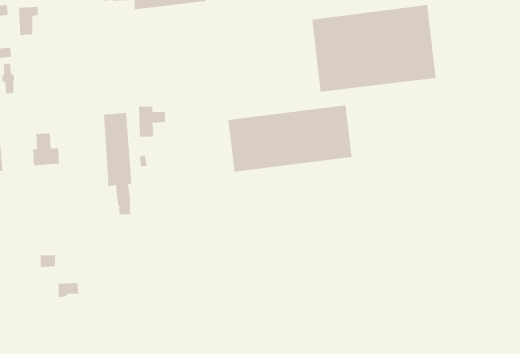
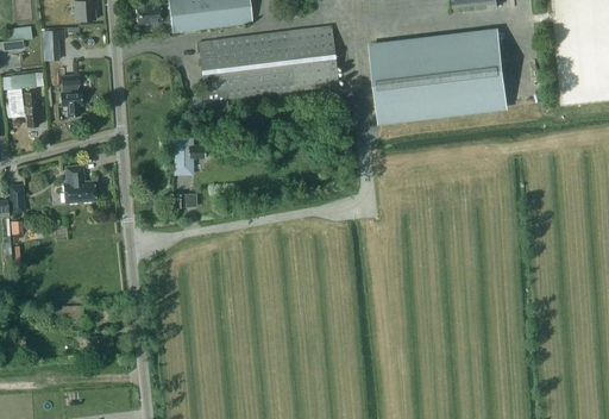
building: none -> [61,76,81,117]
building: [227,105,353,172] -> [199,27,338,102]
building: [103,112,132,215] -> none

